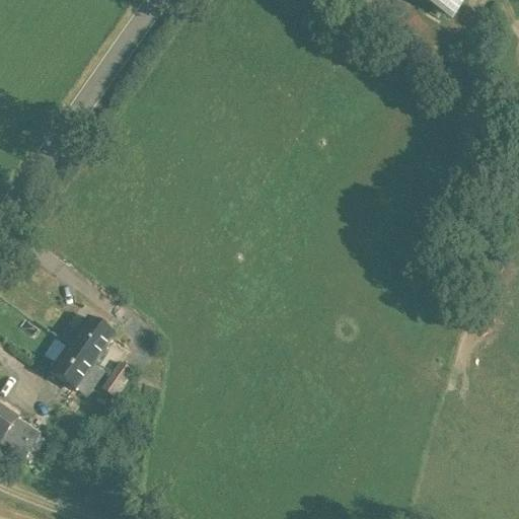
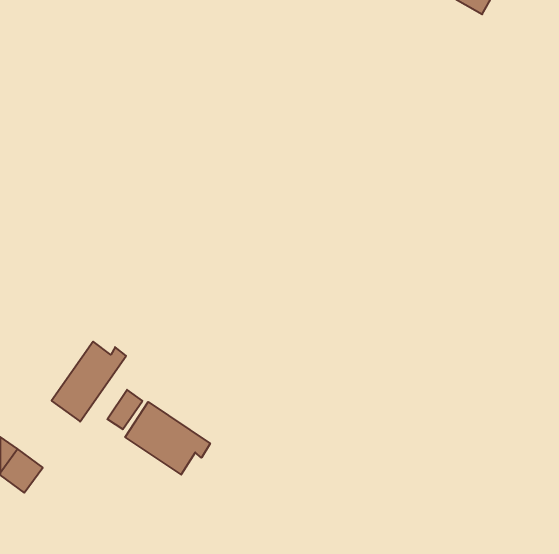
building: none -> [125,402,210,475]

